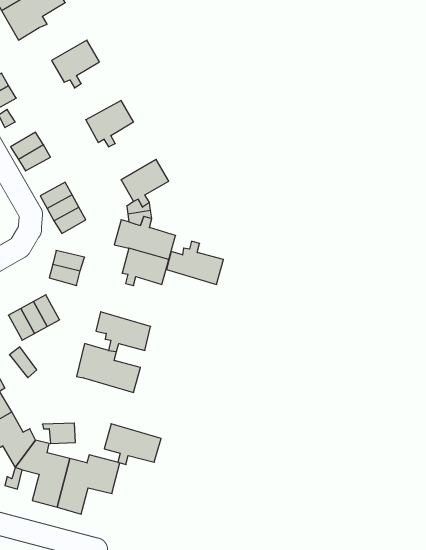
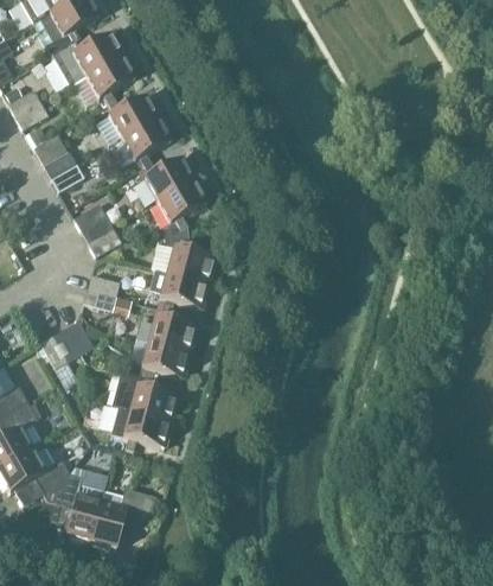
building: none -> [51,31,122,84]
building: none -> [108,93,158,136]
building: none -> [143,155,194,199]
building: [167,241,223,284] -> [136,307,196,352]
building: [104,424,161,465] -> [111,406,171,448]

